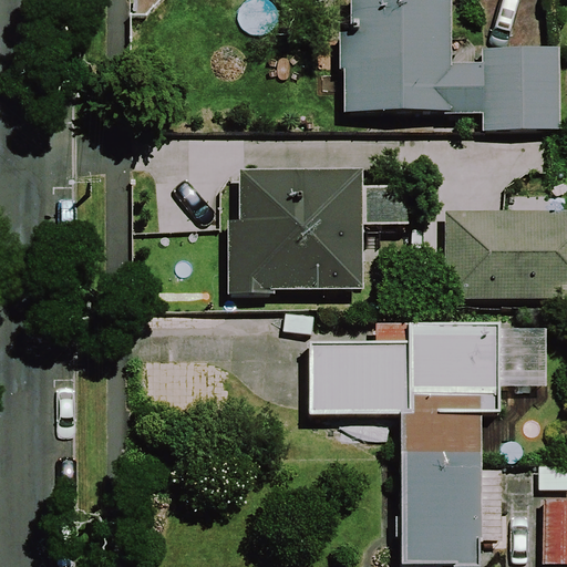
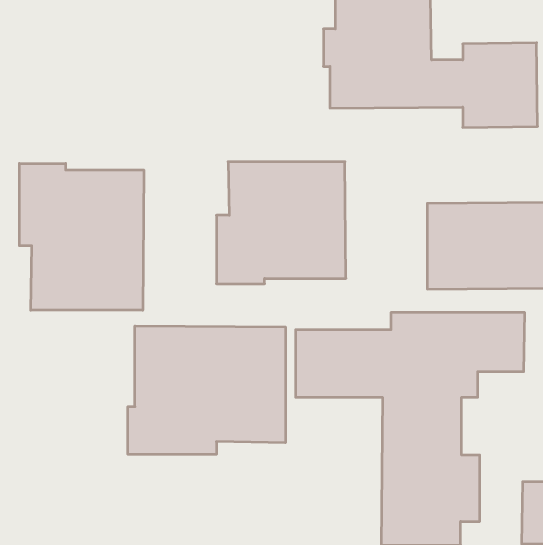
building: none -> [19,163,144,310]
building: none -> [128,326,285,454]

